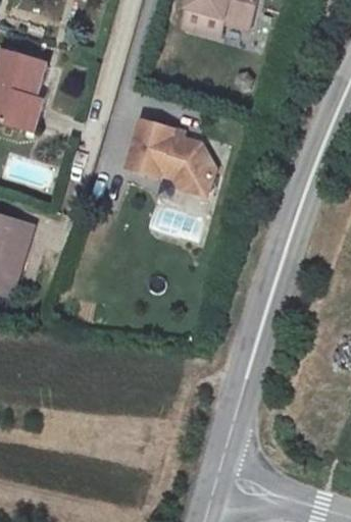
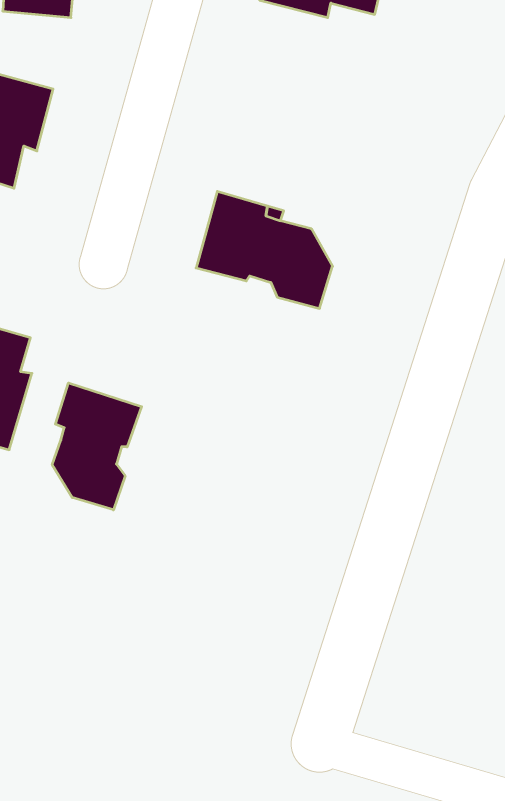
building: none -> [52,383,142,510]

